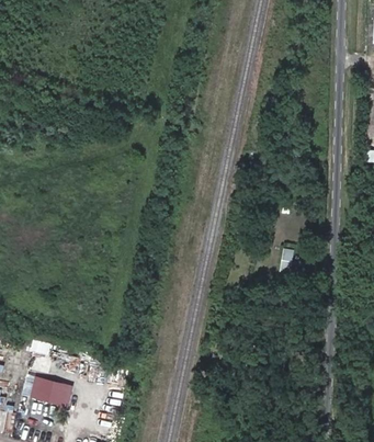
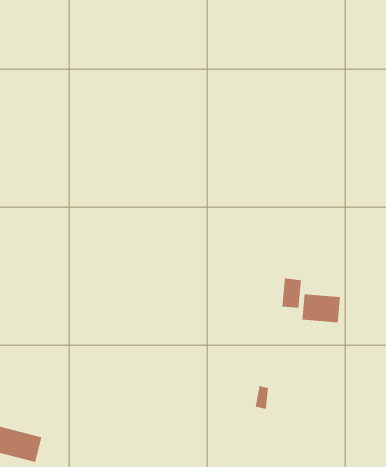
building: none -> [302,293,340,323]

